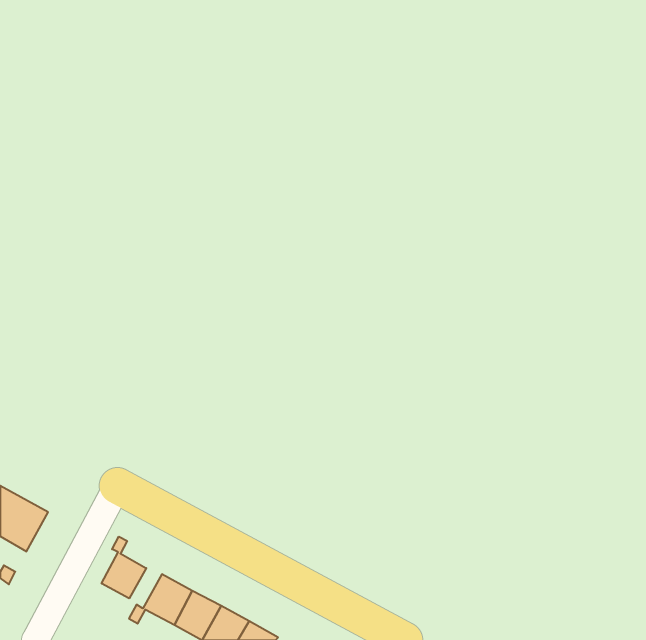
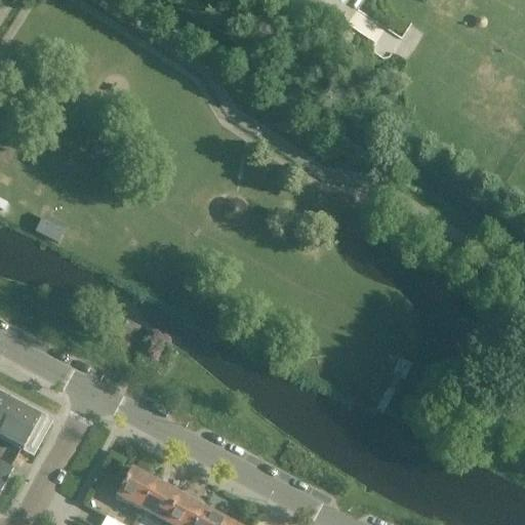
building: [102,537,146,598] -> none

